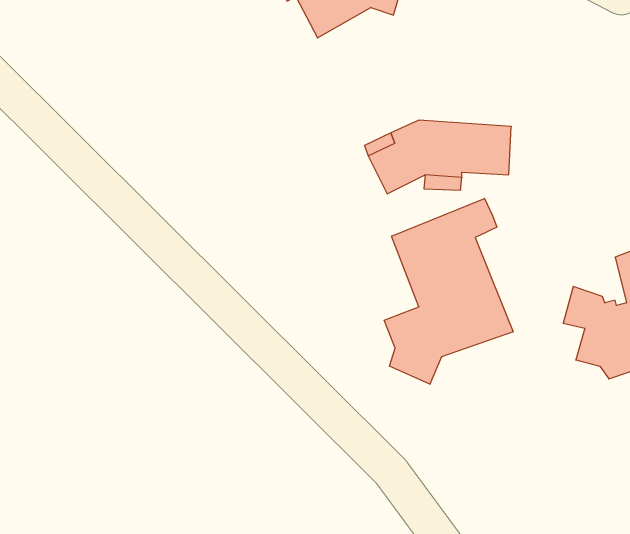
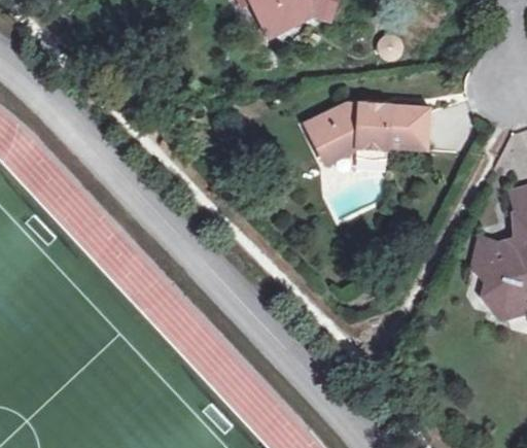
building: [384,198,513,384] -> none

